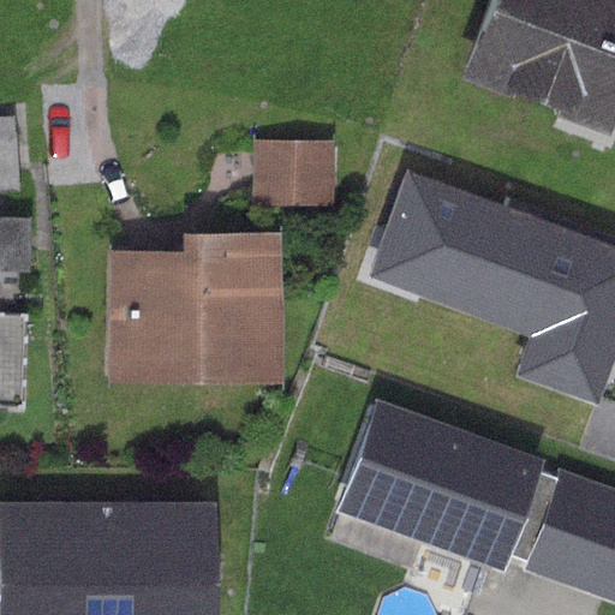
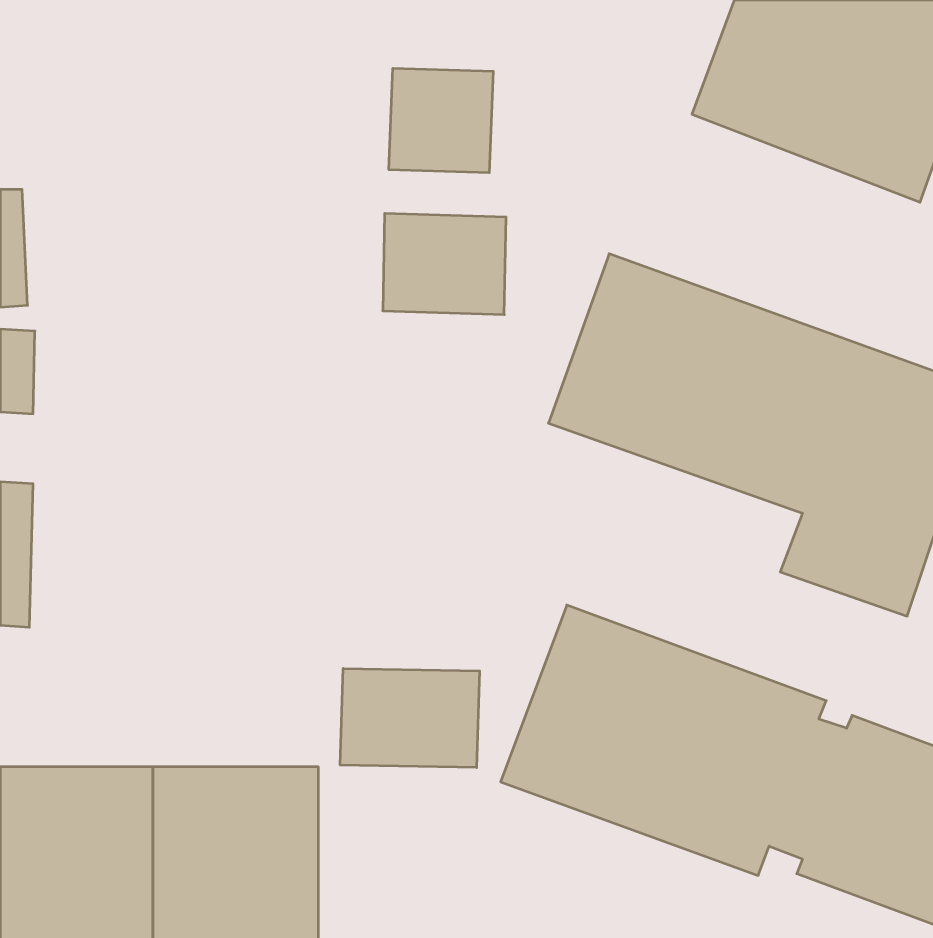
building: none -> [389,68,493,173]
building: [106,231,283,384] -> none
building: none -> [340,668,480,768]

